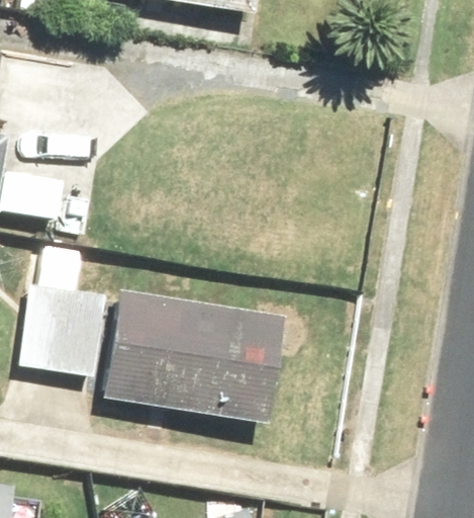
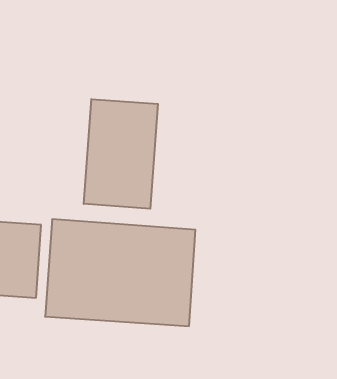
building: none -> [84,99,158,209]

